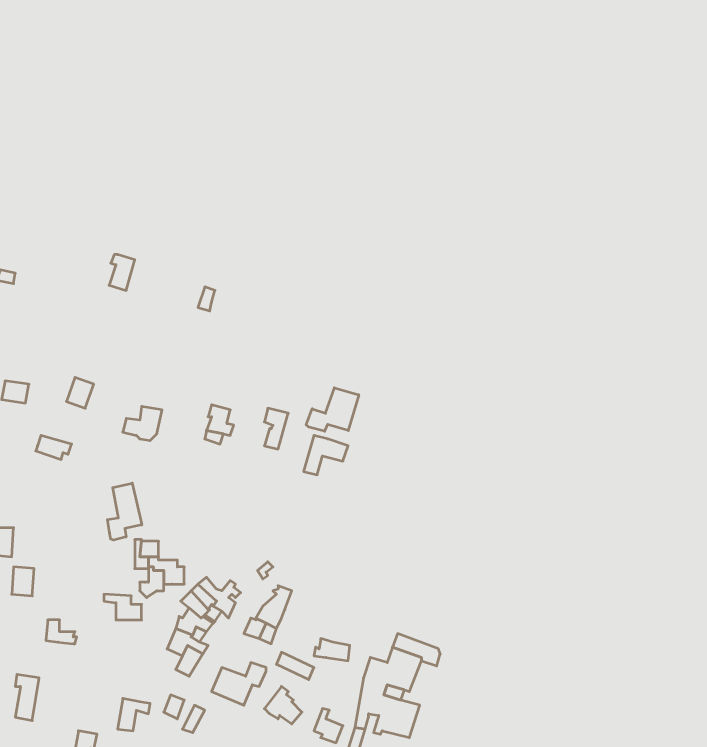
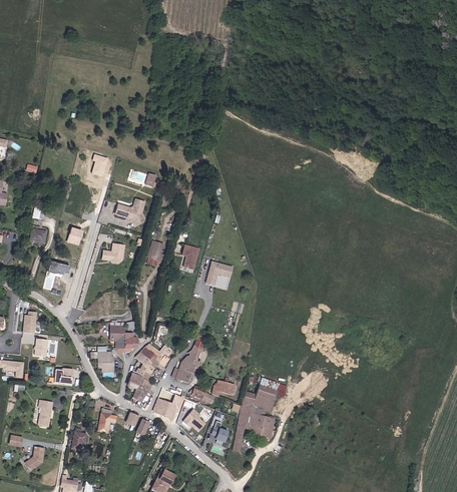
building: none -> [114,199,144,225]
building: [306,388,359,431] -> none
building: [107,483,142,540] -> none

